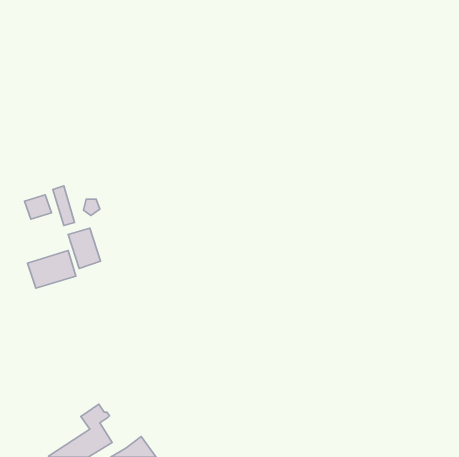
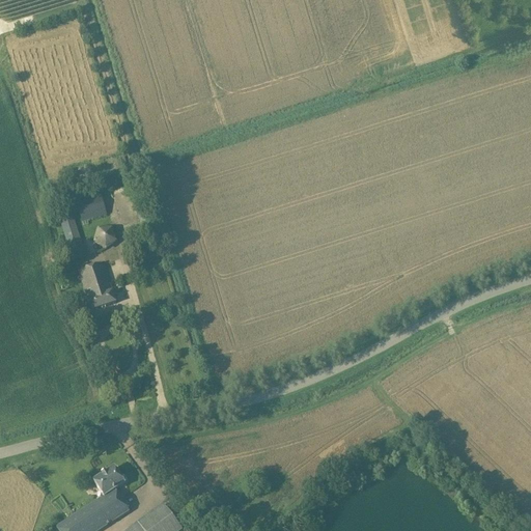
building: [24,195,51,219] -> [76,193,107,221]
building: [27,250,76,288] -> none

